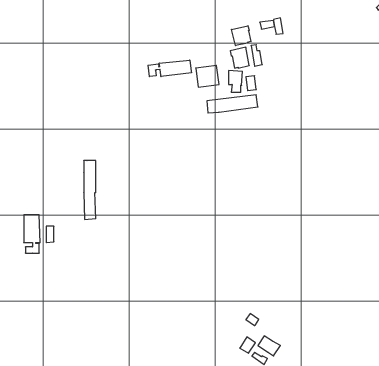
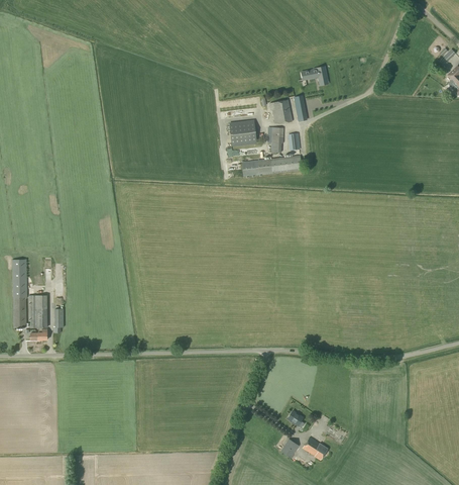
building: [231,26,251,46] -> none
building: [148,60,191,77] -> none
building: [84,161,96,219] -> [12,259,26,327]

